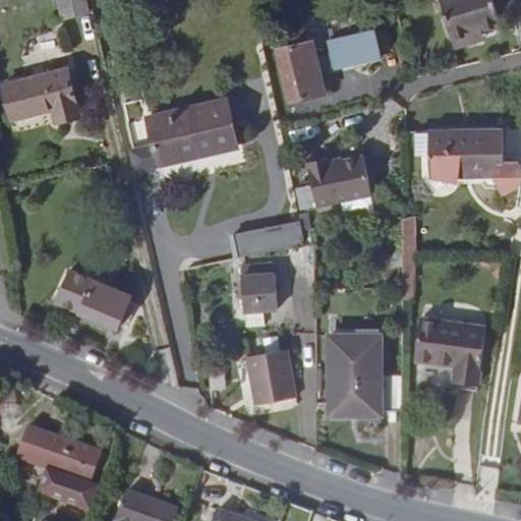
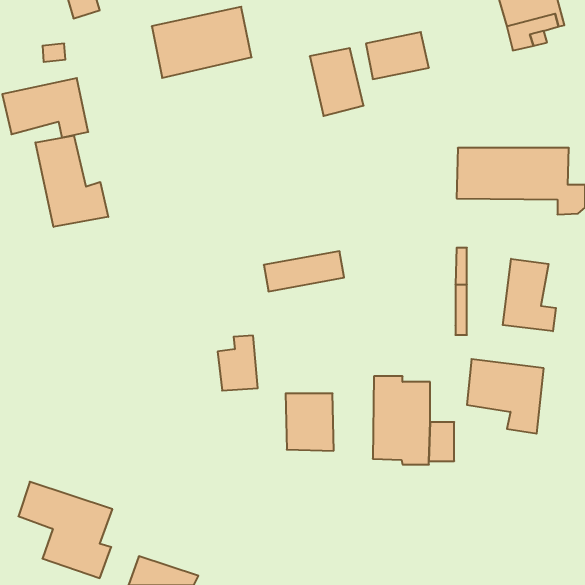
building: [148,102,236,165] -> [152,7,252,78]
building: none -> [35,136,108,227]
building: [301,157,365,202] -> none
building: none -> [503,259,556,331]
building: [241,260,277,309] -> [218,336,258,391]
building: [50,269,131,328] -> none

